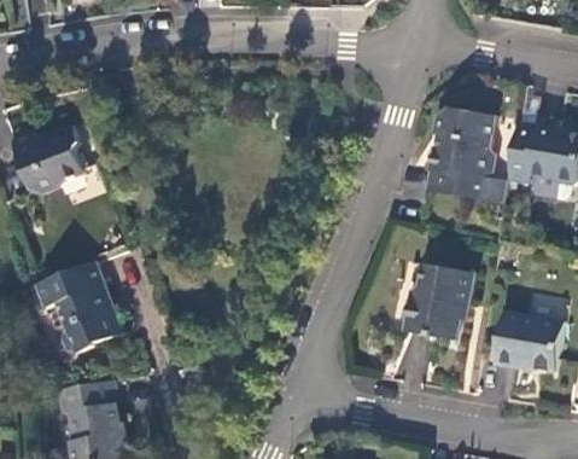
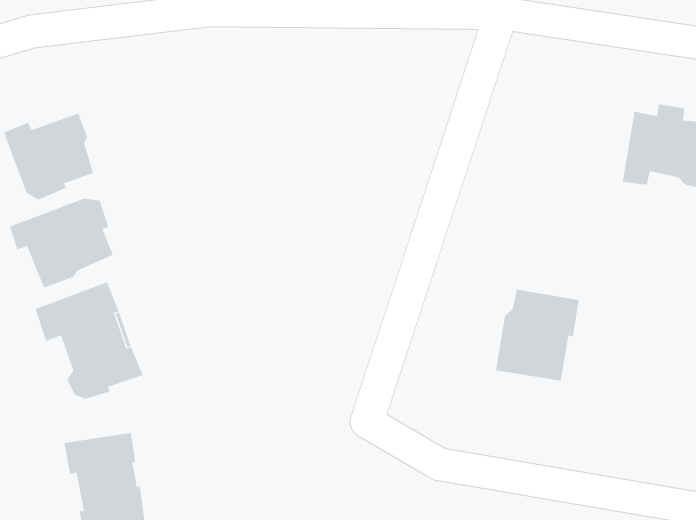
building: [422,108,506,203] -> none
building: none -> [9,198,113,289]
building: [494,312,560,368] -> none

